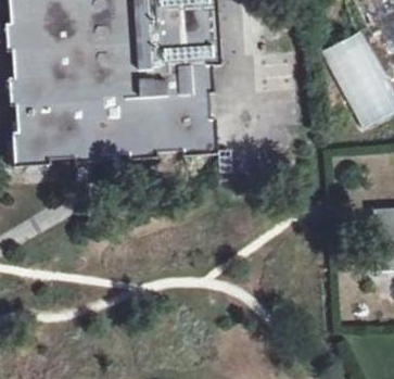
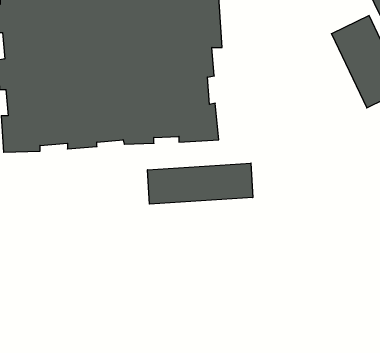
building: none -> [148,163,253,204]

